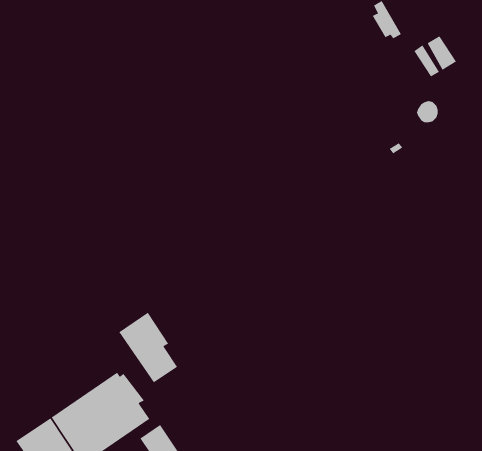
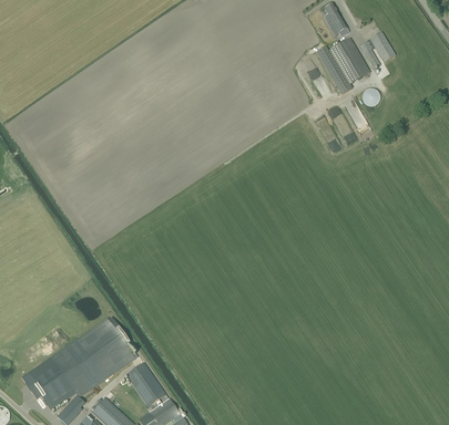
building: none -> [314,38,369,94]
building: [119,312,178,383] -> none

